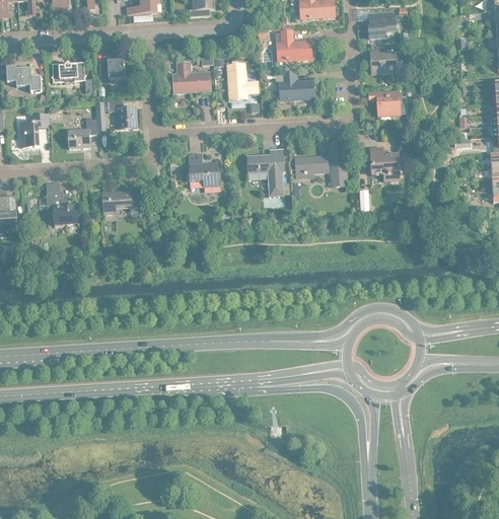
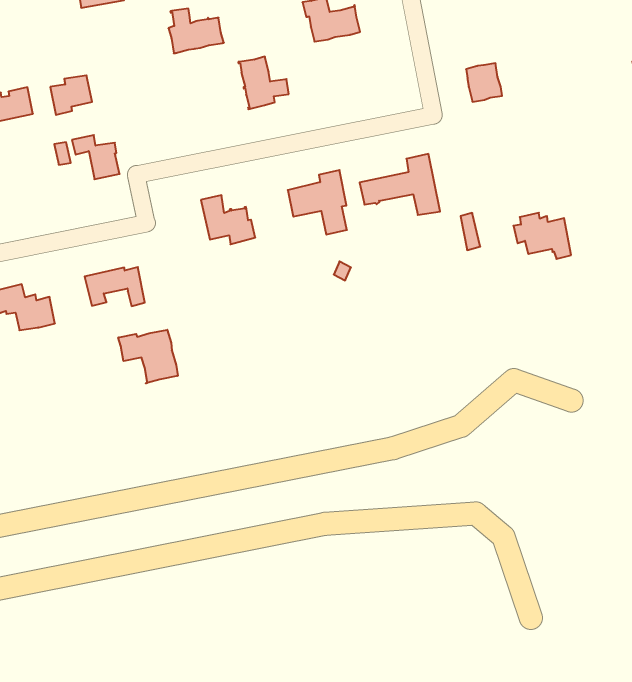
building: [371,51,396,73] -> none
building: [174,64,210,92] -> [168,9,224,53]
building: [281,72,313,99] -> none
building: [68,120,97,148] -> none
building: [365,148,401,180] -> [513,213,571,259]
building: none -> [118,330,178,383]

